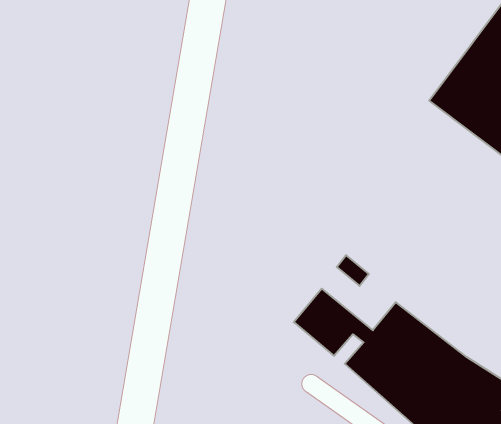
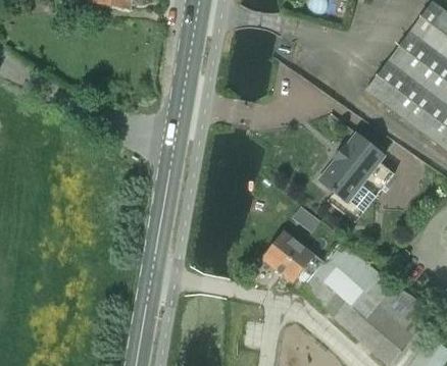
building: none -> [322,133,398,222]

